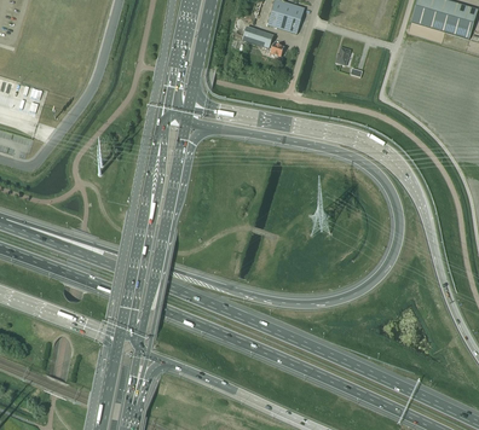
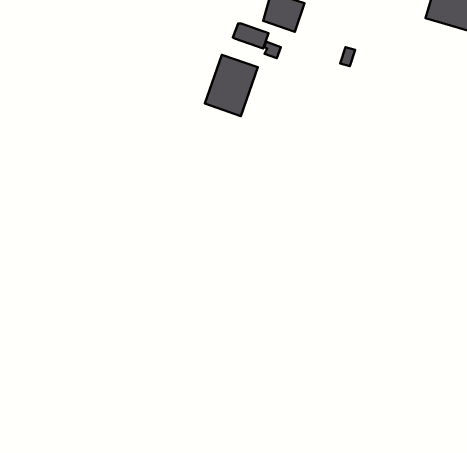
building: none -> [205,55,258,116]

